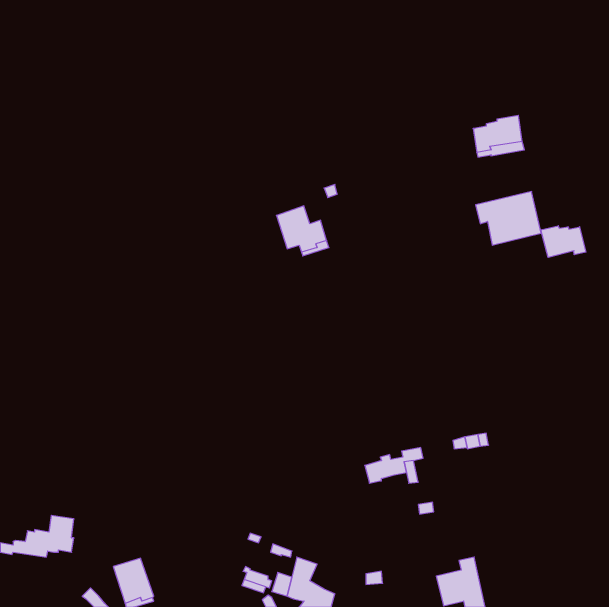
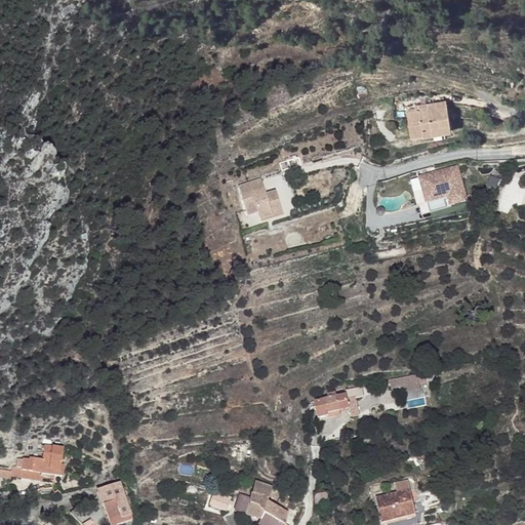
building: [541,226,586,257] -> none

